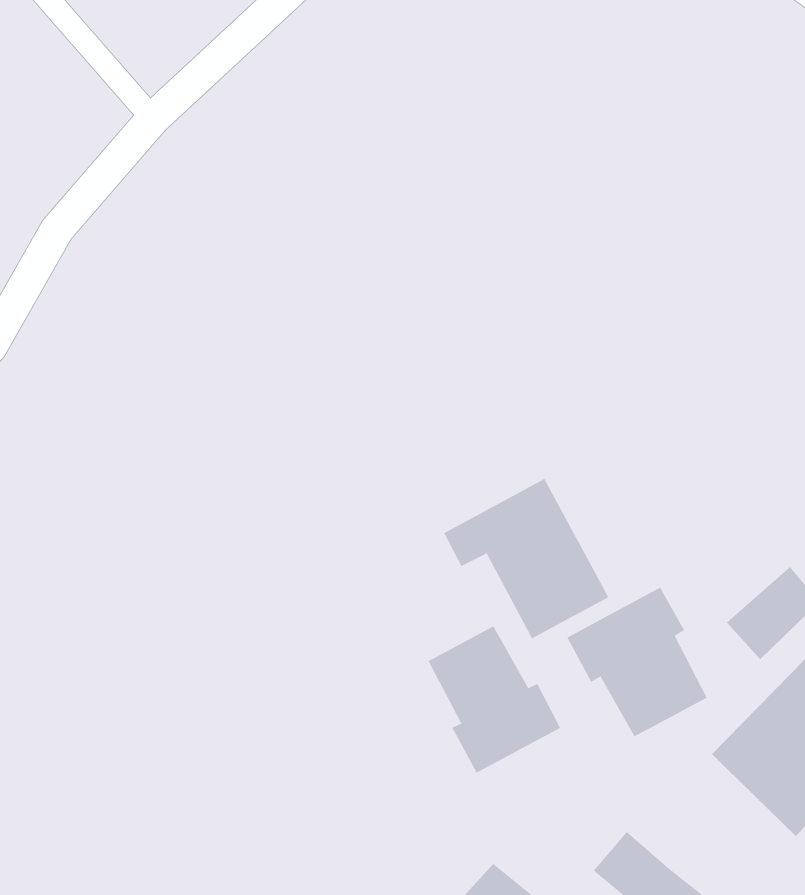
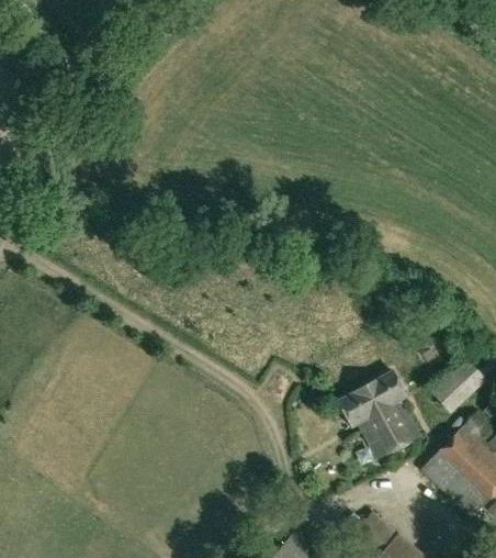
building: [444,478,609,639] -> none
building: [428,625,561,774] -> none

